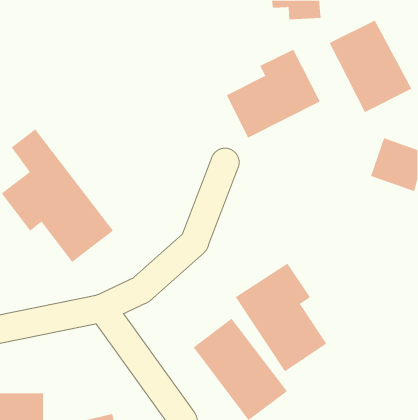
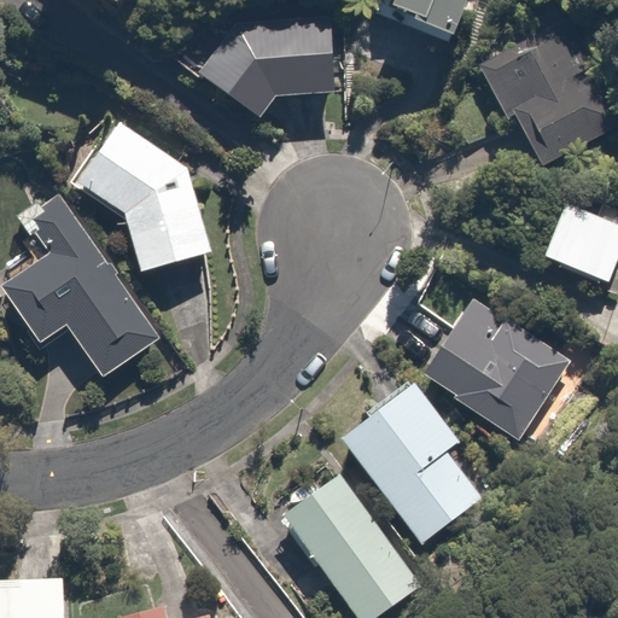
building: none -> [193,23,334,124]
building: [226,49,320,139] -> none
building: none -> [77,123,212,270]
building: none -> [428,307,565,438]

